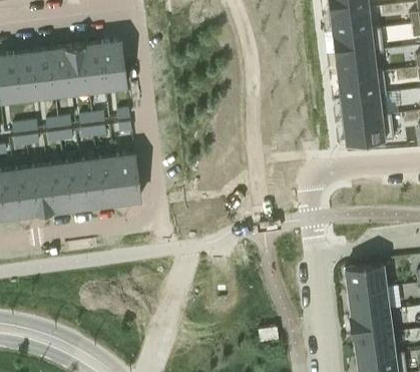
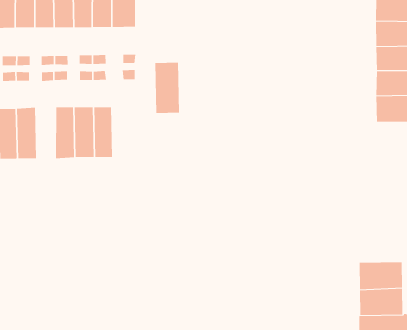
building: [113,155,140,203] -> [155,62,180,113]
building: [47,164,69,212] -> none

